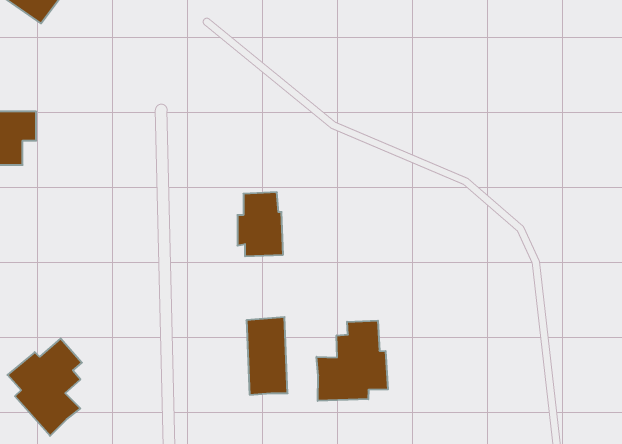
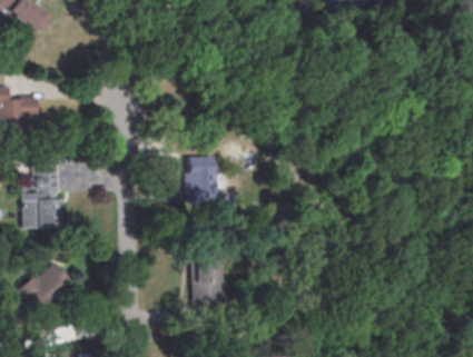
building: none -> [22,162,60,229]
building: [317,321,388,401] -> none

